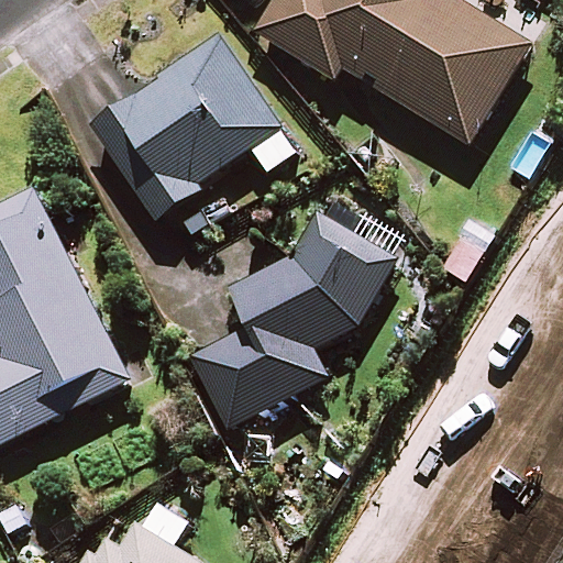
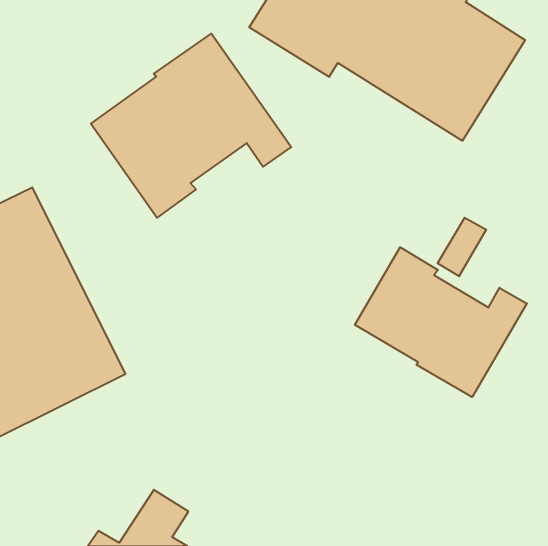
building: [189,211,396,429] -> none
building: none -> [355,247,527,397]

